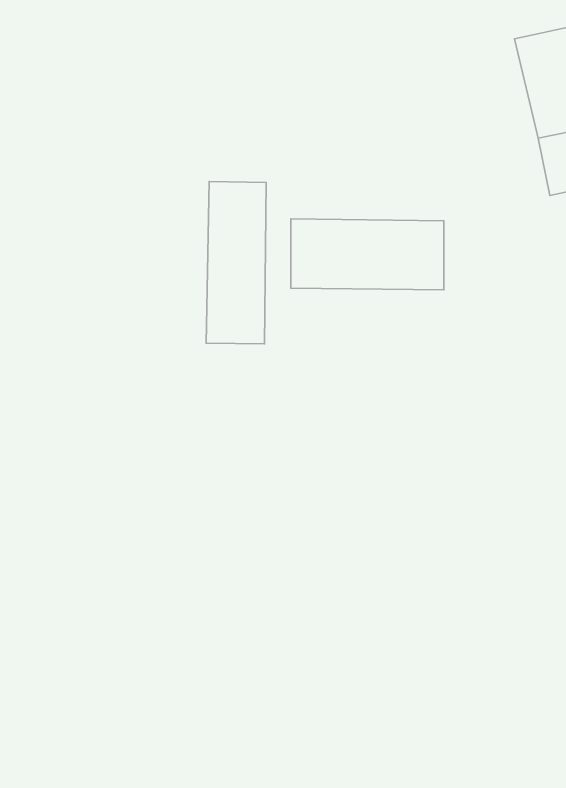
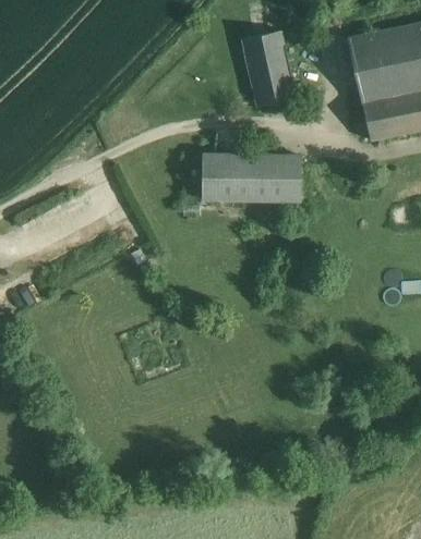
building: none -> [241,30,296,107]
building: [206,182,266,344] -> none

